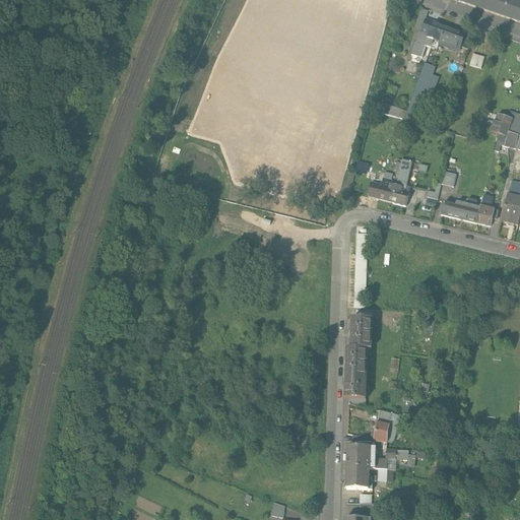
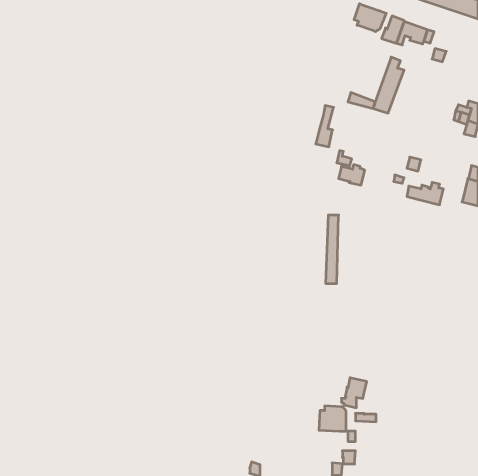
building: none -> [354,4,386,32]
building: [392,159,411,204] -> [316,106,334,147]
building: [477,195,499,225] -> none
building: [344,317,370,398] -> none
building: [346,467,372,490] -> none

